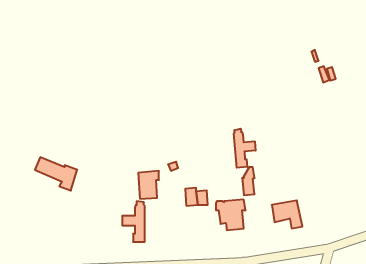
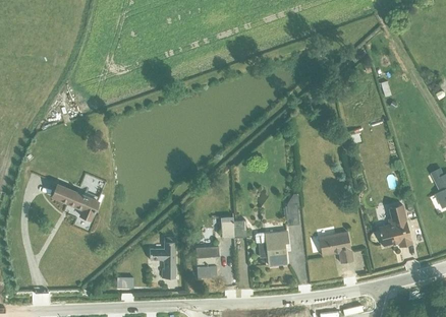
building: [234,129,256,168] -> none
building: [138,171,159,199] -> [194,246,218,277]
building: none -> [378,204,411,247]

